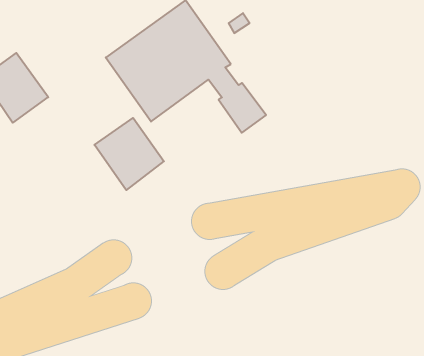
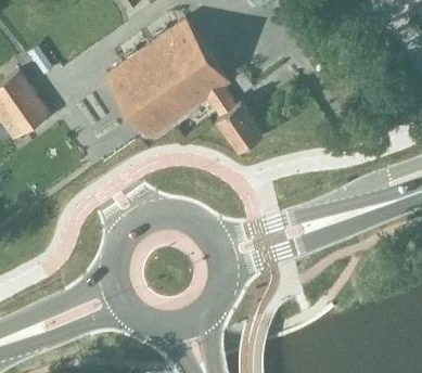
building: [94,118,164,190] -> none

